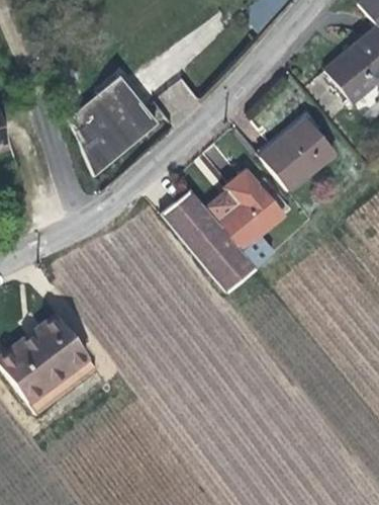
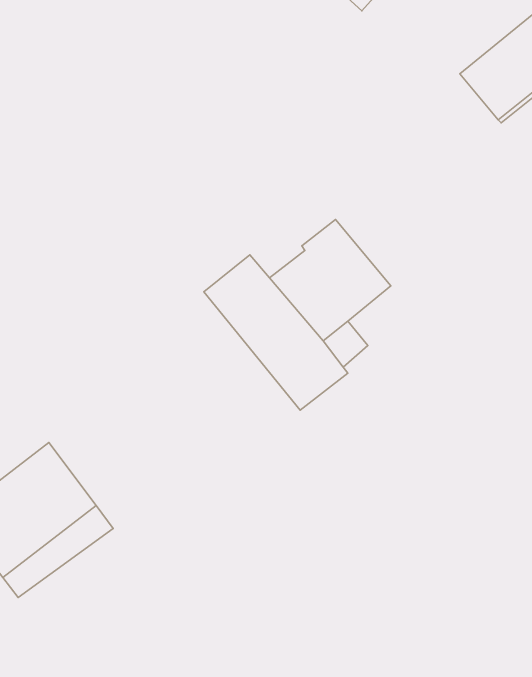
building: [64,73,163,168] -> none
building: [259,111,335,185] -> none

